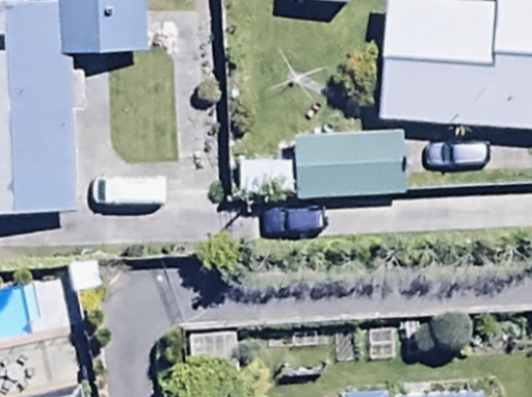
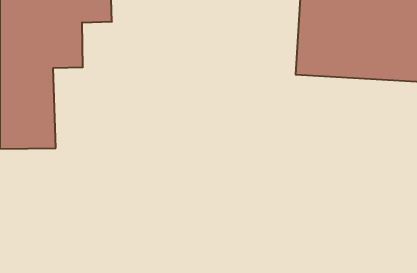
building: [294,131,405,198] -> none

